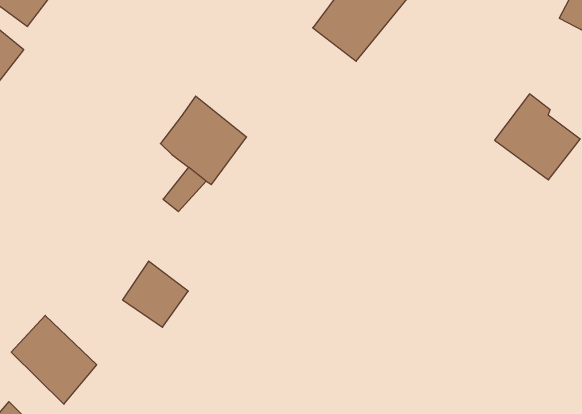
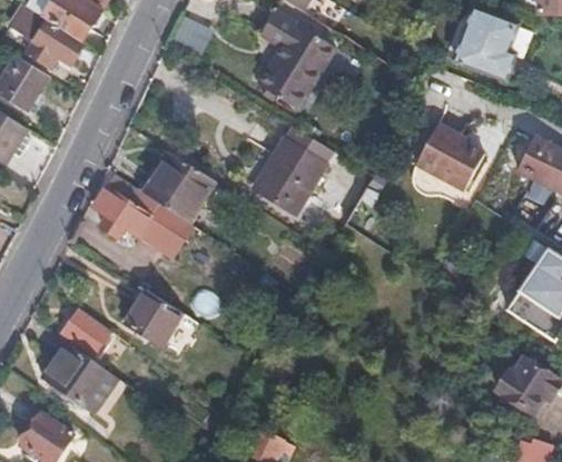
building: none -> [254,128,328,213]
building: none -> [93,174,155,236]
building: none -> [63,308,108,352]

